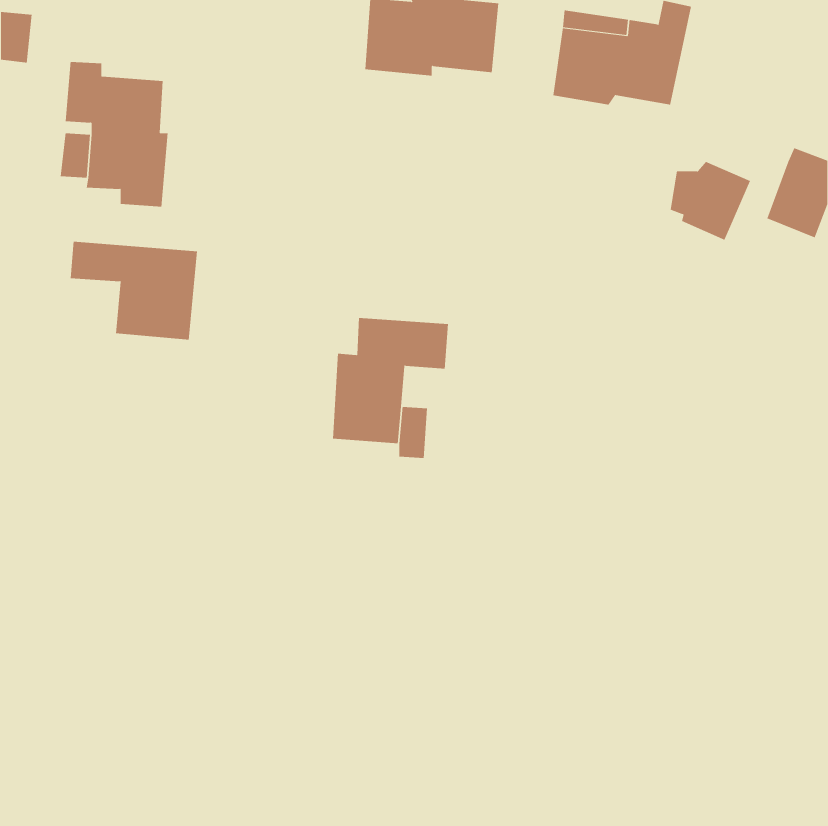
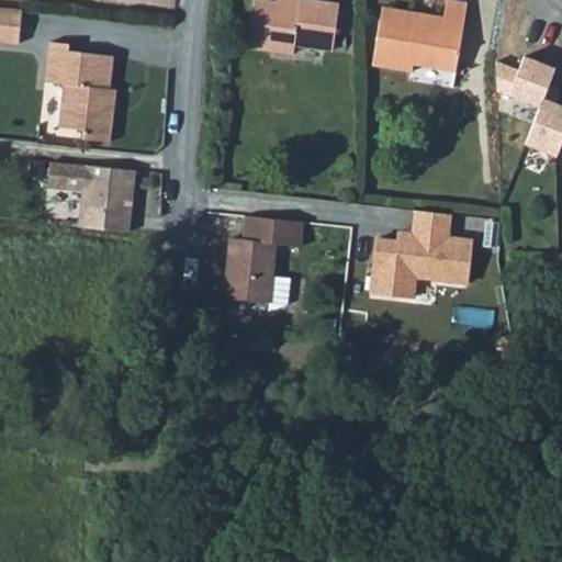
building: [670,161,751,241] -> [496,56,551,110]
building: none -> [369,212,472,296]

